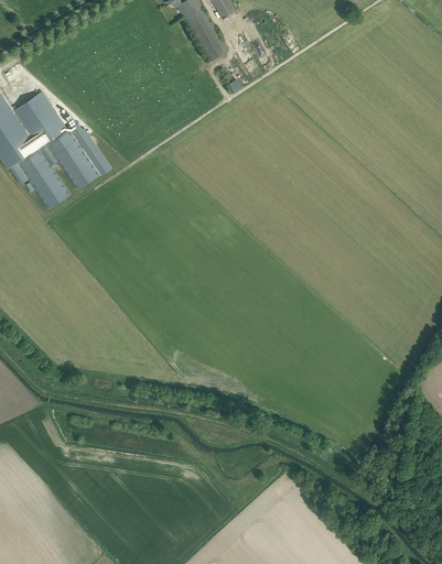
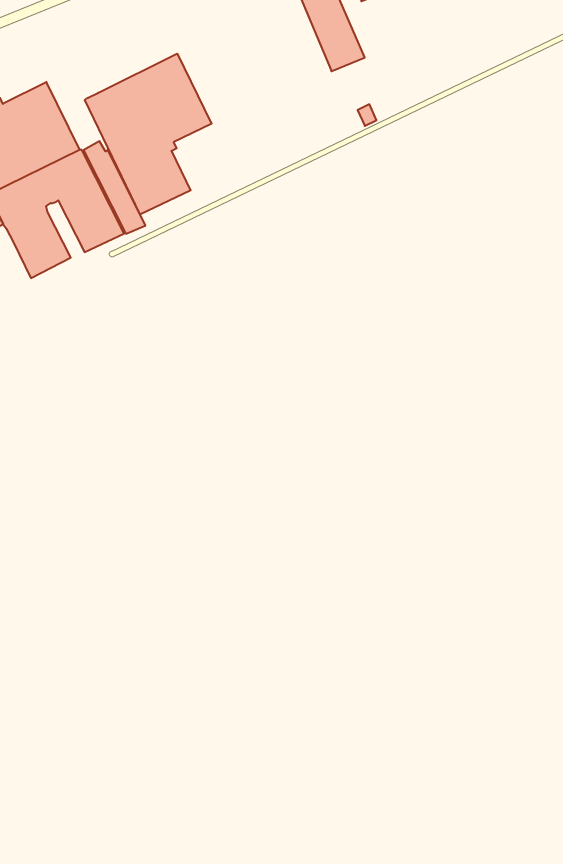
building: none -> [85,54,212,215]

